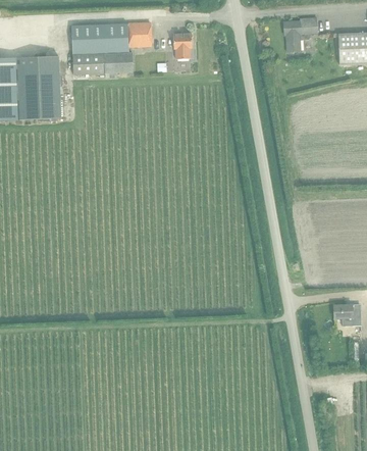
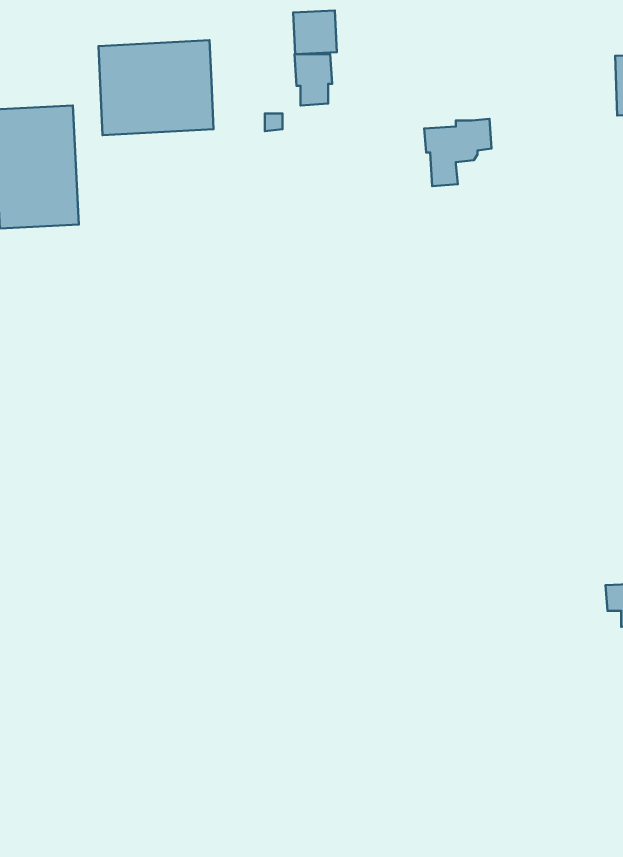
building: [283,15,318,50] -> [424,119,491,186]
building: [129,22,152,45] -> [293,10,337,54]

